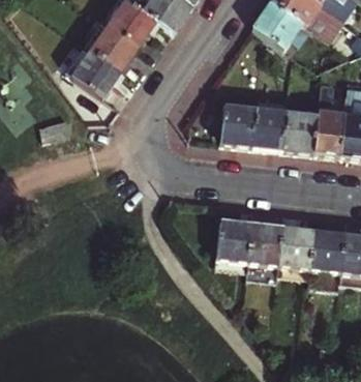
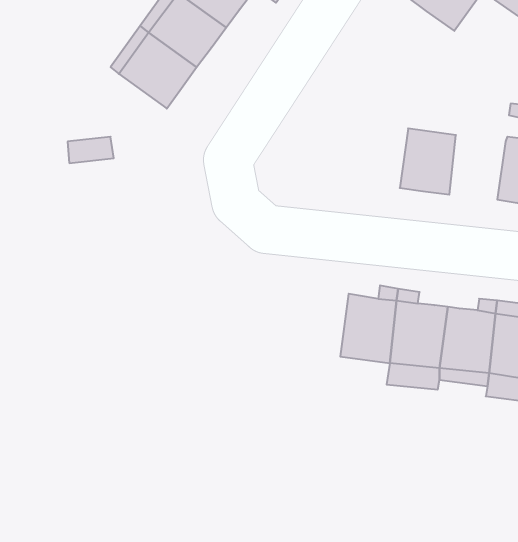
building: [221,106,259,147] -> none
building: [284,114,320,154] -> none

